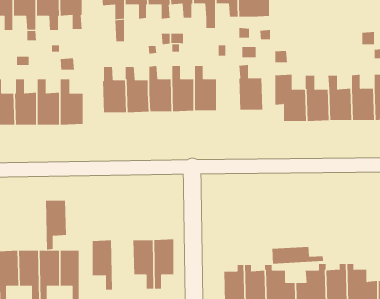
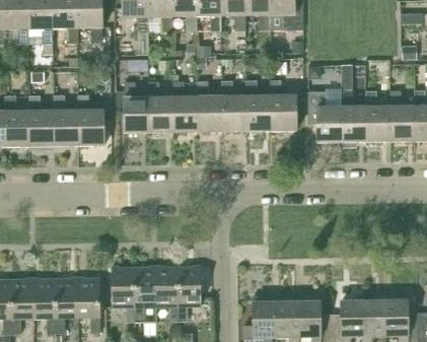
building: none -> [244,80,270,130]
building: [45,200,67,250] -> [133,268,156,322]
building: [272,246,324,264] -> none

